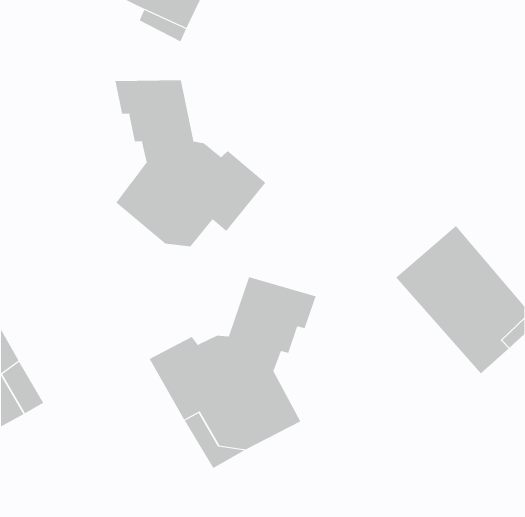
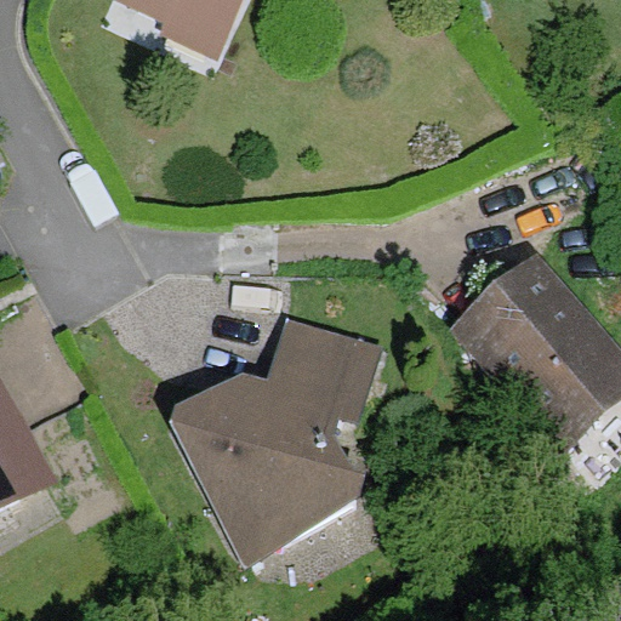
building: [115,79,266,247] -> none

